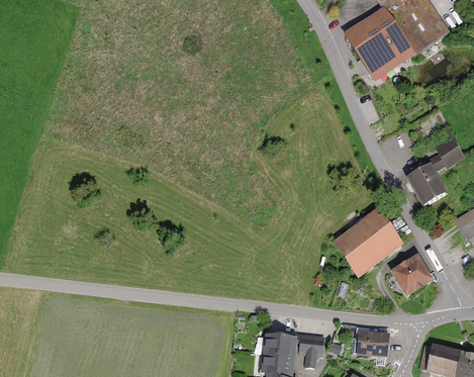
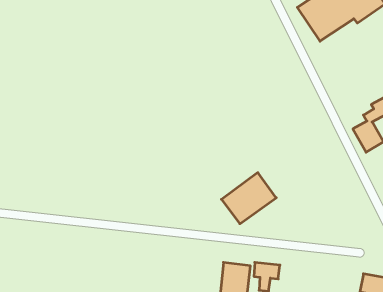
building: [336,211,399,271] -> [221,173,276,224]
building: [391,255,432,293] -> none
building: [355,333,391,355] -> none

